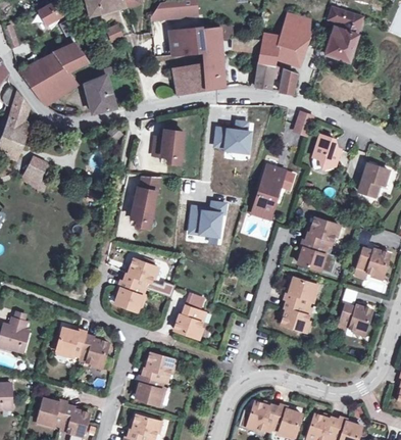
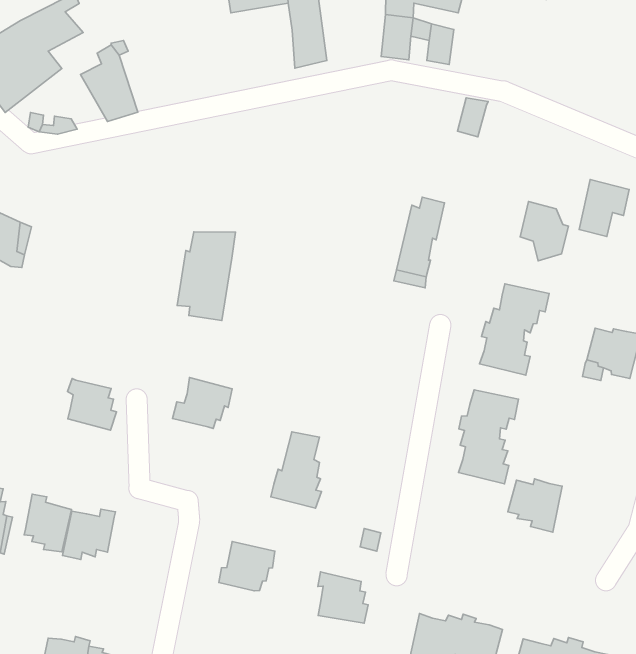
building: [173,68,205,96] -> none
building: [212,120,254,156] -> none
building: [152,131,184,159] -> none
building: [314,136,342,169] -> [520,202,568,261]
building: [188,201,223,239] -> none
building: [116,281,144,311] -> [68,379,116,430]
building: [338,306,369,337] -> [508,479,562,532]
building: [80,335,107,369] -> [24,494,72,552]
building: [136,375,164,405] -> [318,572,368,623]

